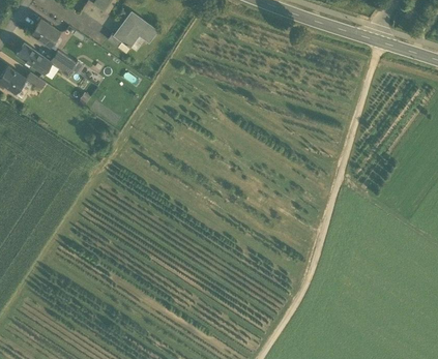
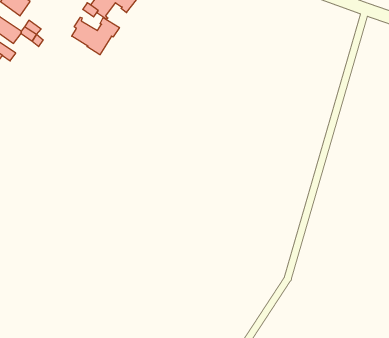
building: none -> [72,17,119,55]

